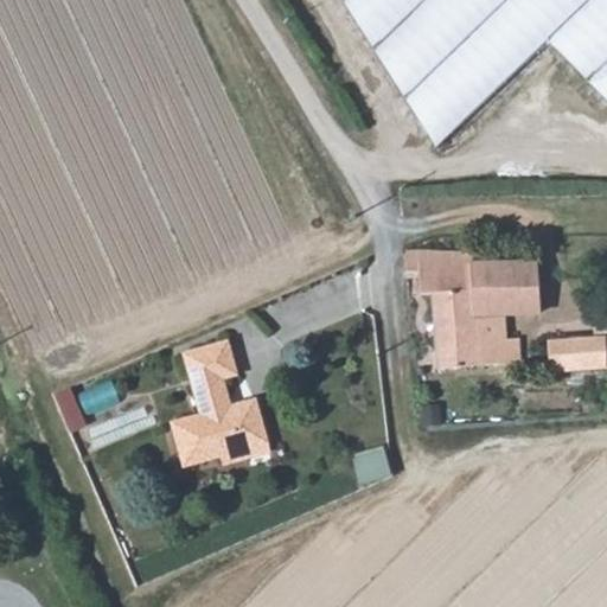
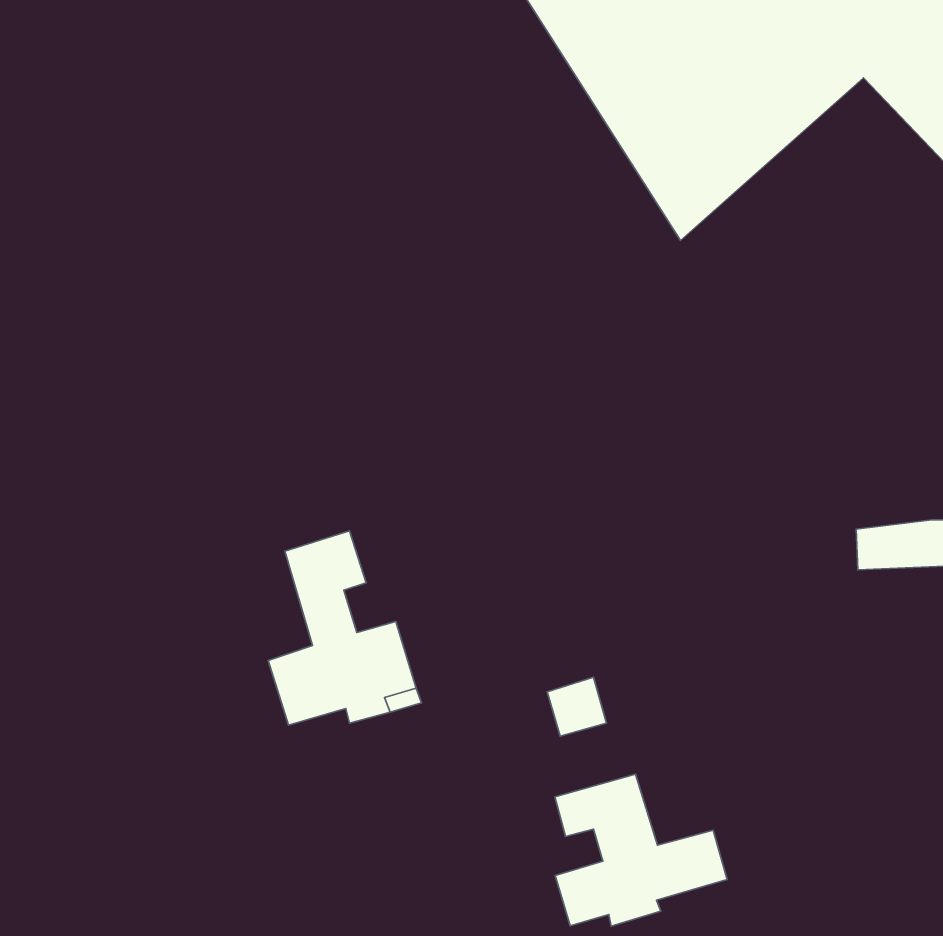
building: [407,247,538,364] -> none
building: none -> [555,774,727,926]

